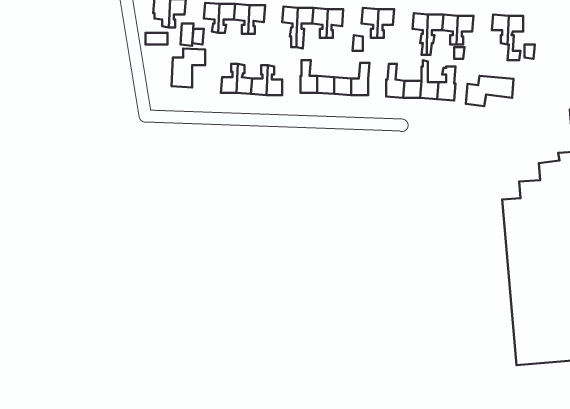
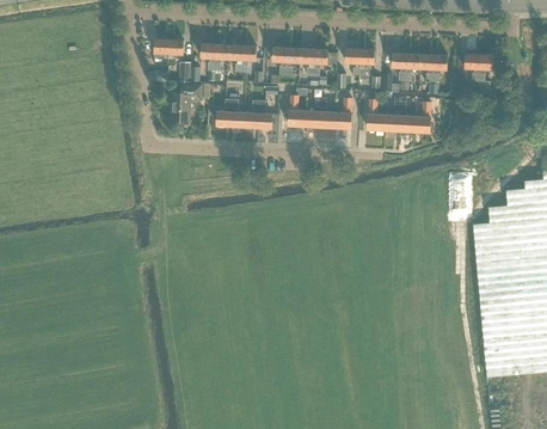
building: [466,76,514,106] -> none

